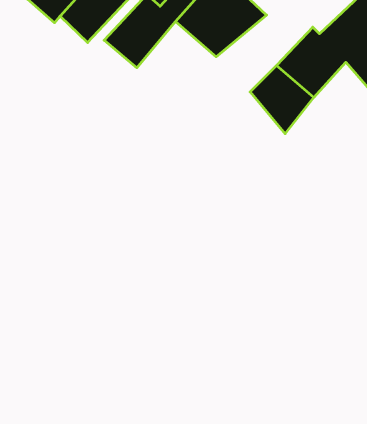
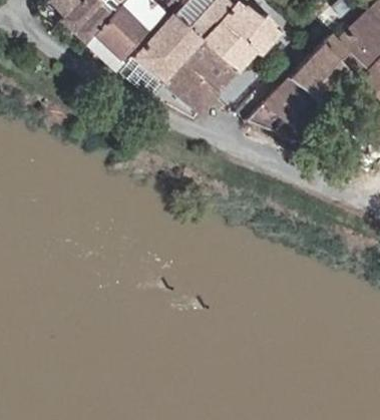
building: none -> [163,39,236,110]

